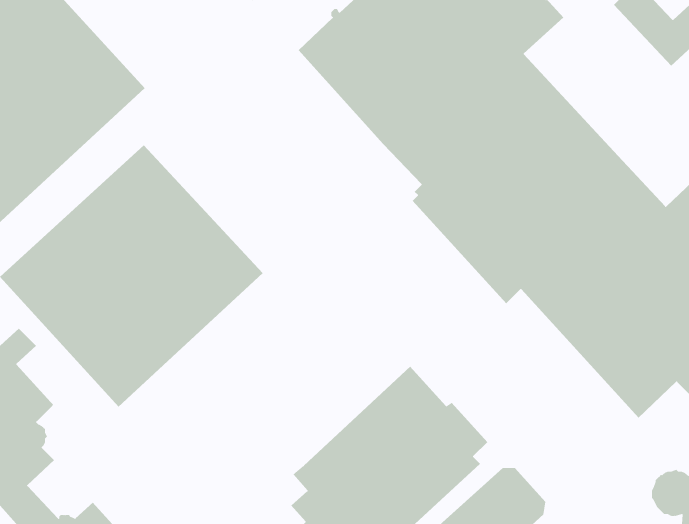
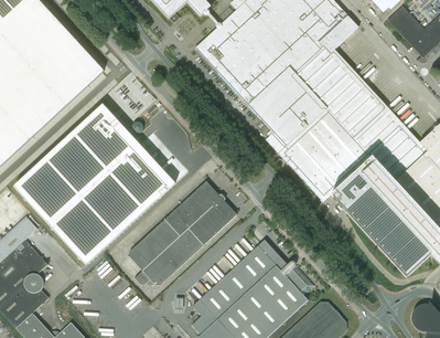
building: none -> [129,181,236,284]

